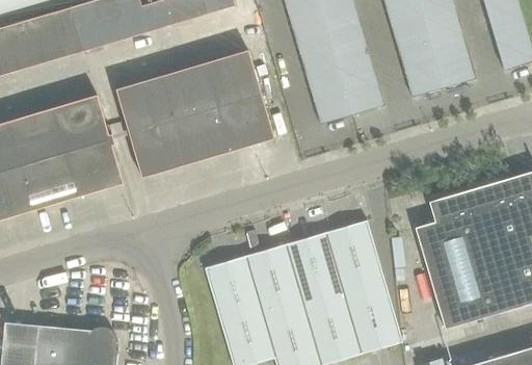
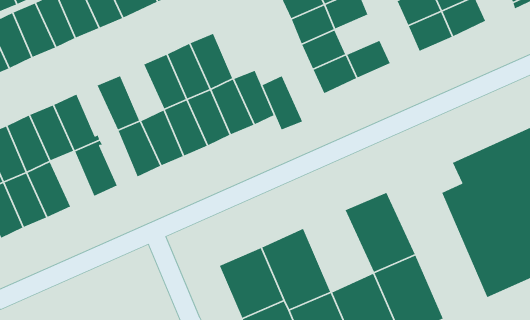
building: [228,50,261,100] -> [262,75,303,131]
building: [338,58,377,92] -> none
building: [138,76,174,127] -> none
building: [64,147,100,197] -> none
building: [286,232,344,305] -> none

